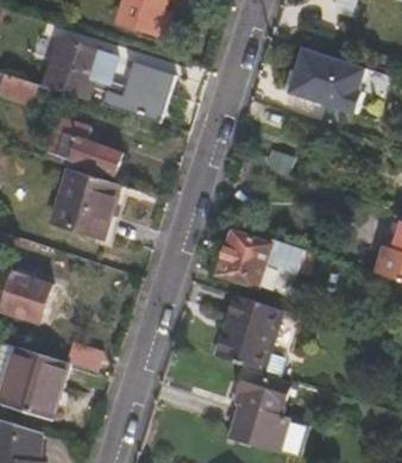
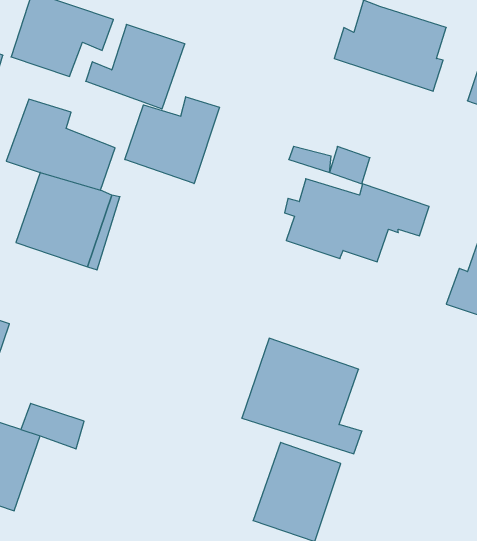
building: none -> [125,97,219,184]
building: [214,232,320,293] -> [285,179,429,262]

